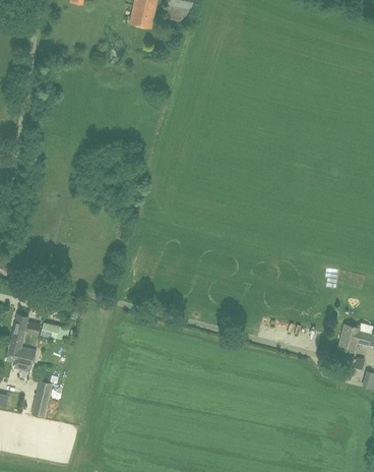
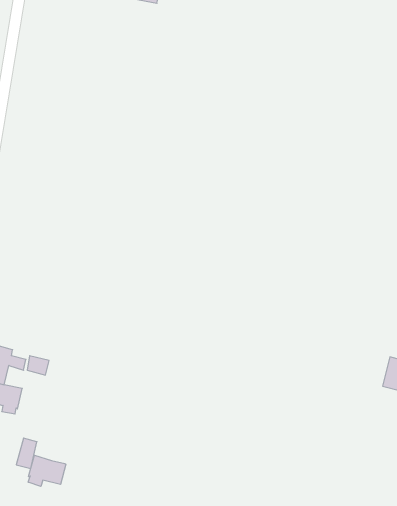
building: none -> [28,455,66,486]

